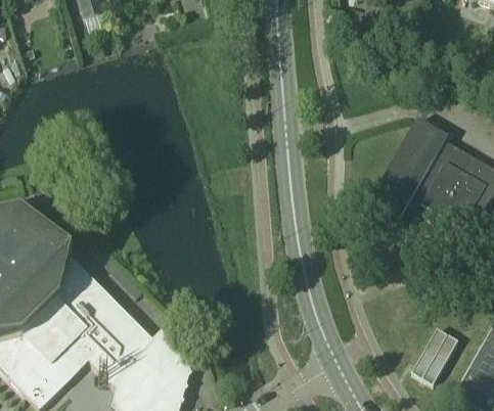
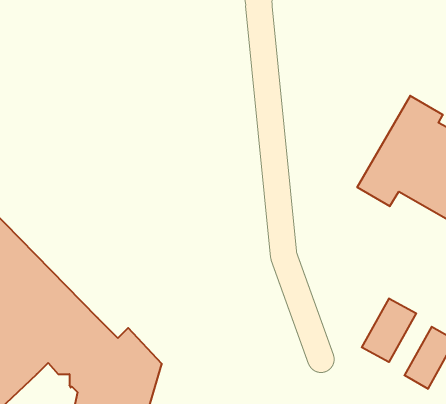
building: none -> [362,298,416,362]

